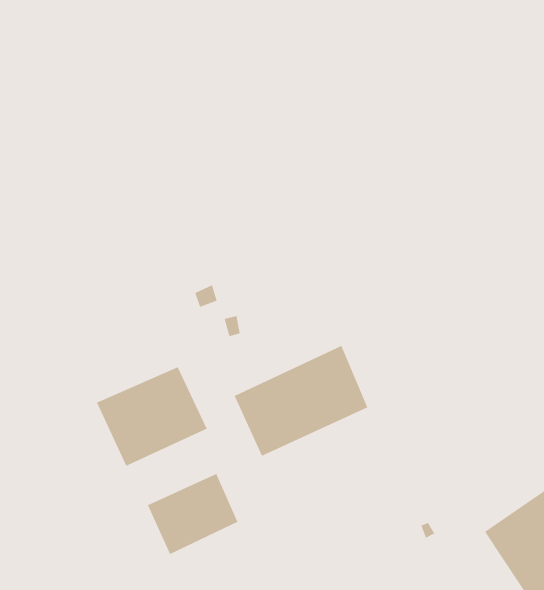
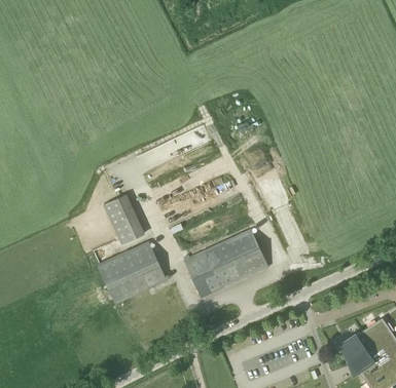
building: none -> [102,194,144,244]
building: [147,473,238,555] -> none

